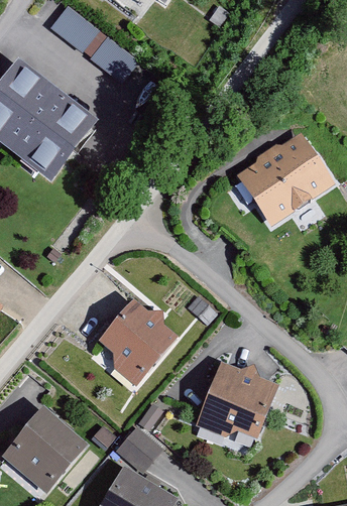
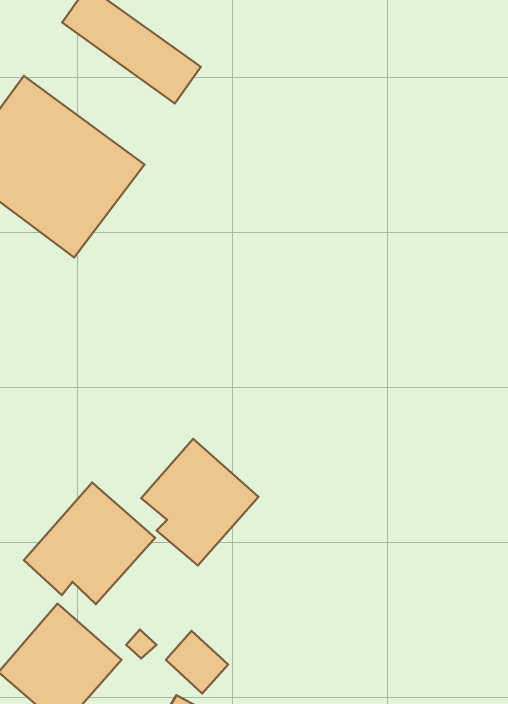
building: [239,133,332,224] -> none
building: none -> [24,482,155,604]
building: [199,363,276,436] -> none

